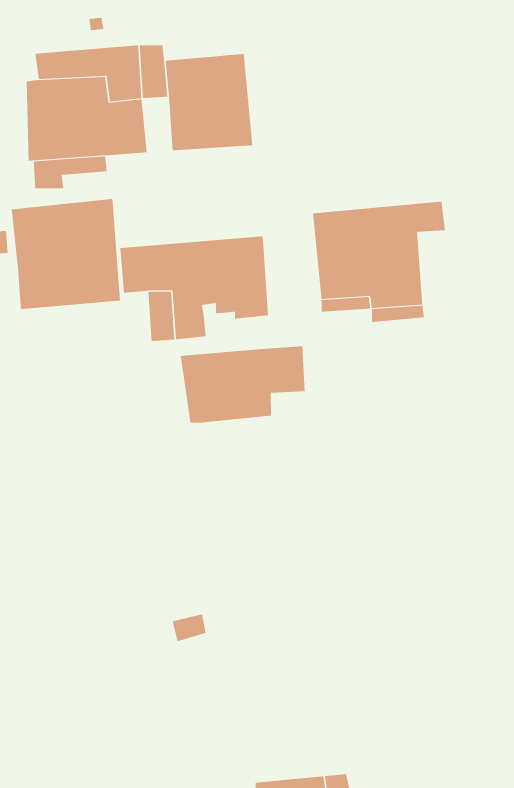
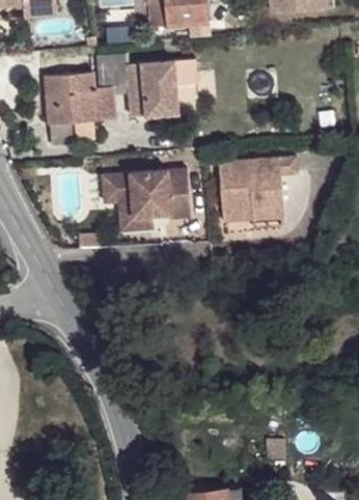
building: [11,198,121,310] -> none
building: [180,345,305,424] -> none

